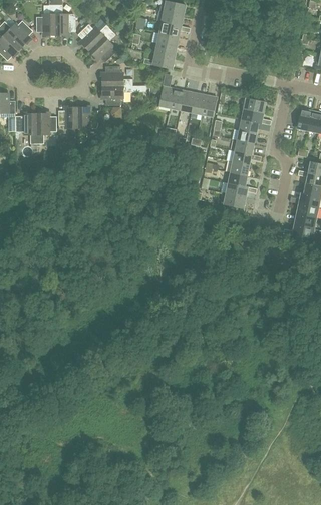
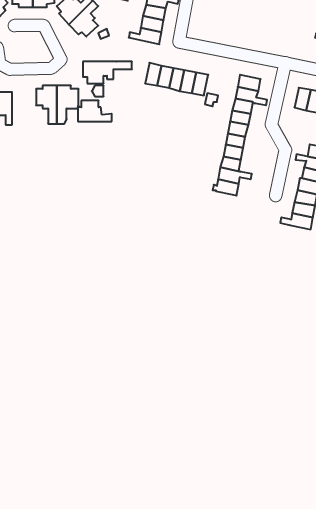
building: [101,66,132,85] -> [78,101,112,121]
building: [36,113,56,143] -> none

